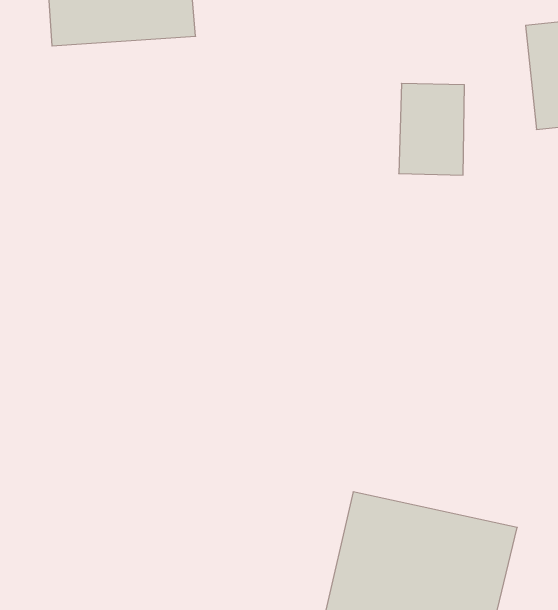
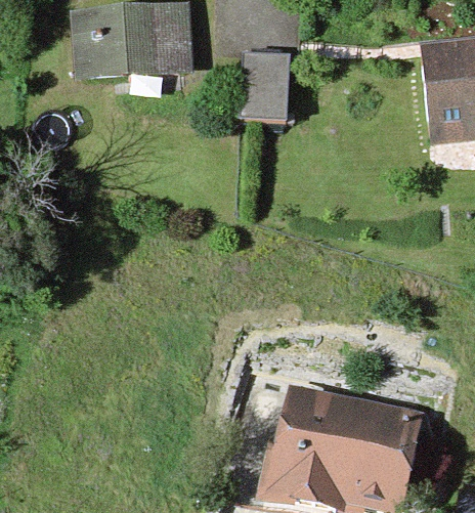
building: [399,83,464,175] -> [239,52,288,121]

